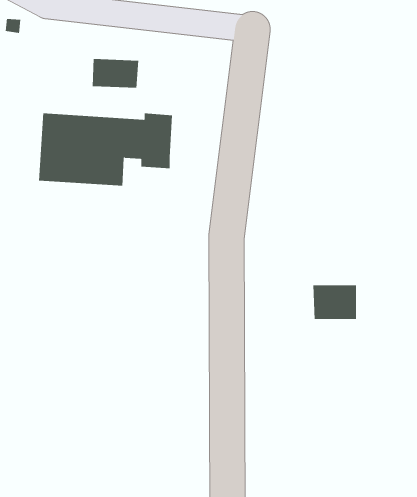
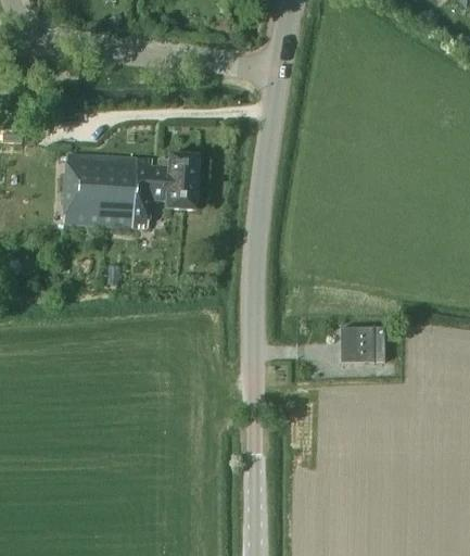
building: [92,58,139,88] -> none

